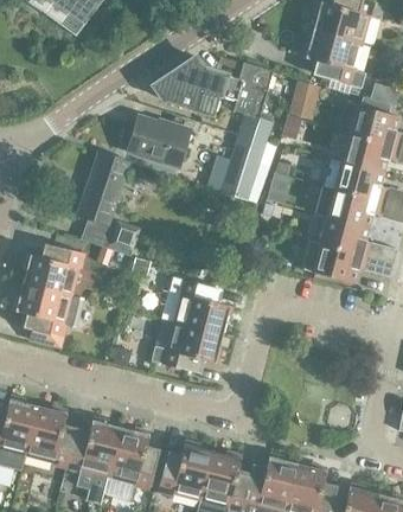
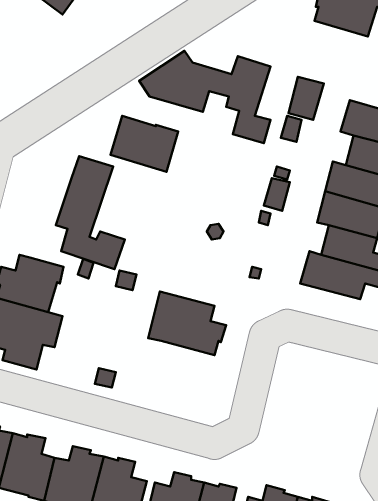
building: [302,30,365,89] -> none
building: [222,133,267,201] -> none
building: [151,321,222,373] -> none

